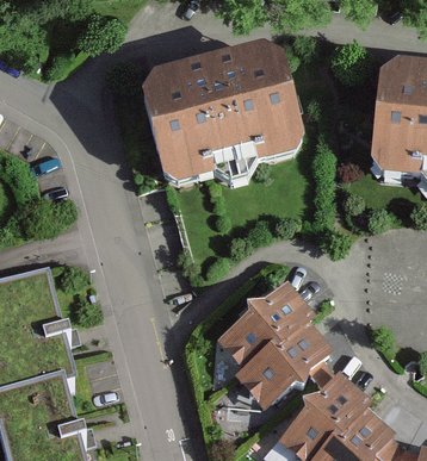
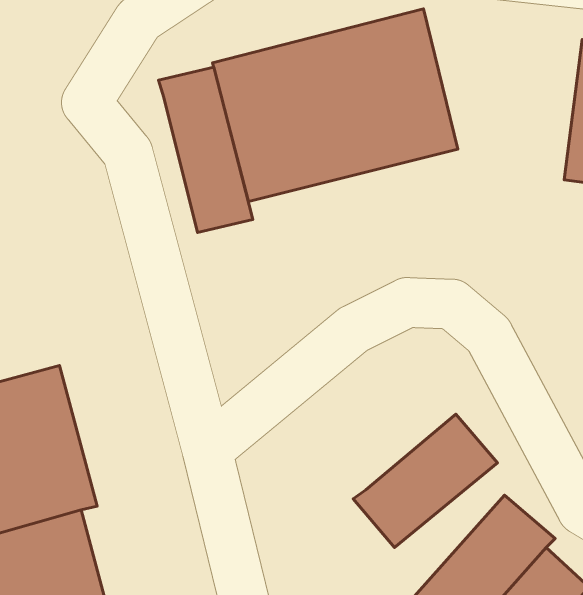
building: none -> [158,67,253,232]
building: [218,280,310,367] -> none

